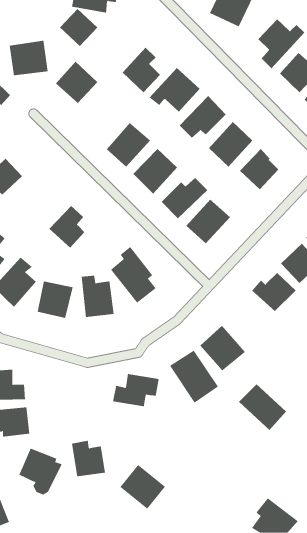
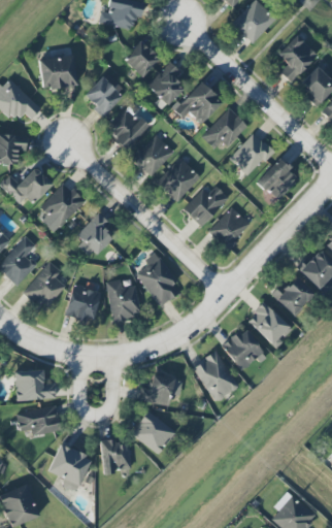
building: [59,8,98,47] -> [124,40,161,77]
building: none -> [106,107,147,151]
building: none -> [39,182,86,232]
building: [238,383,287,431] -> [246,302,293,348]
building: [120,464,166,510] -> [132,410,176,454]

